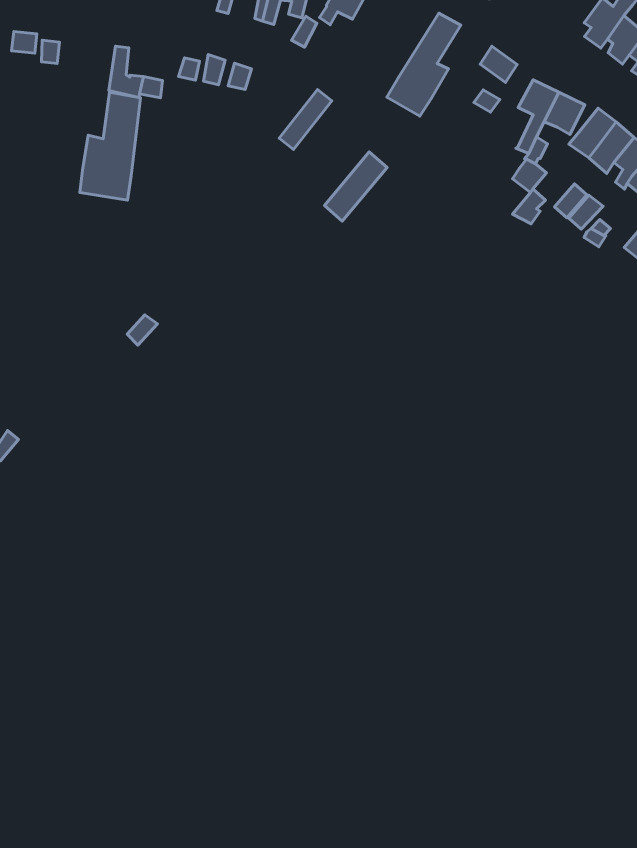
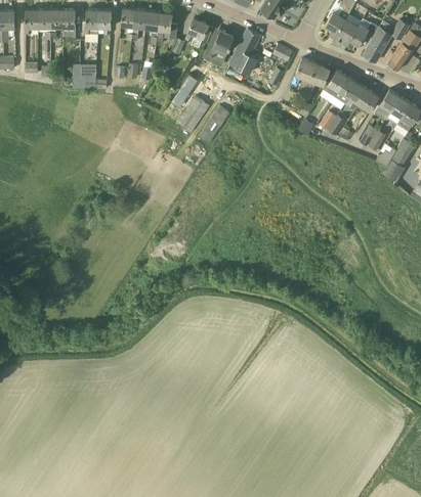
building: none -> [203,29,234,60]
building: [80,92,141,200] -> none
building: none -> [176,95,209,132]

